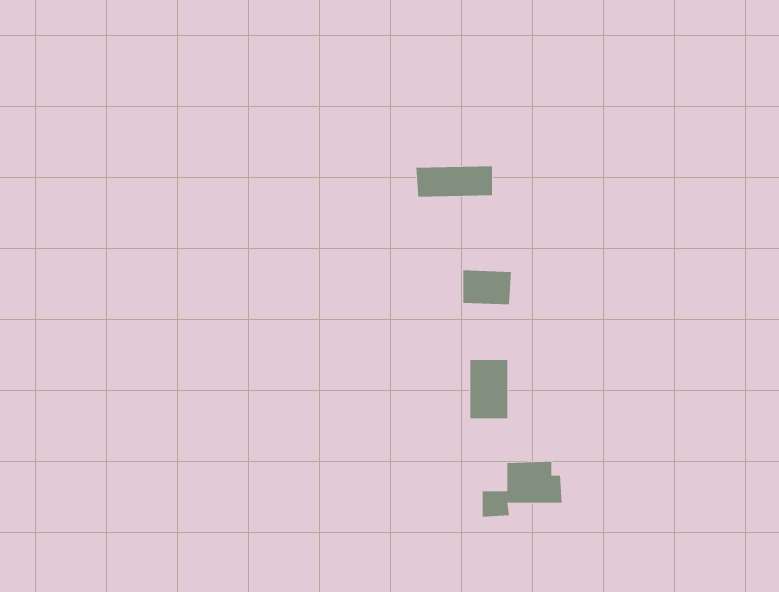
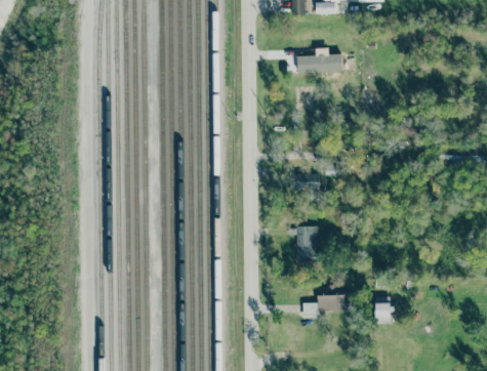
building: [416,166,493,197] -> [297,54,342,73]
building: none -> [375,297,393,324]

